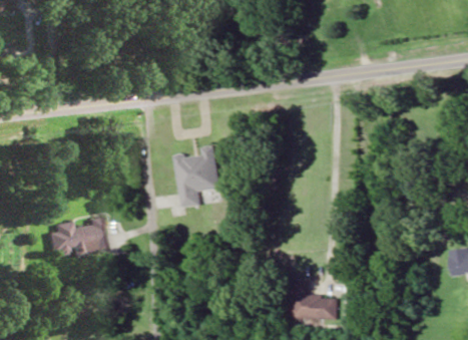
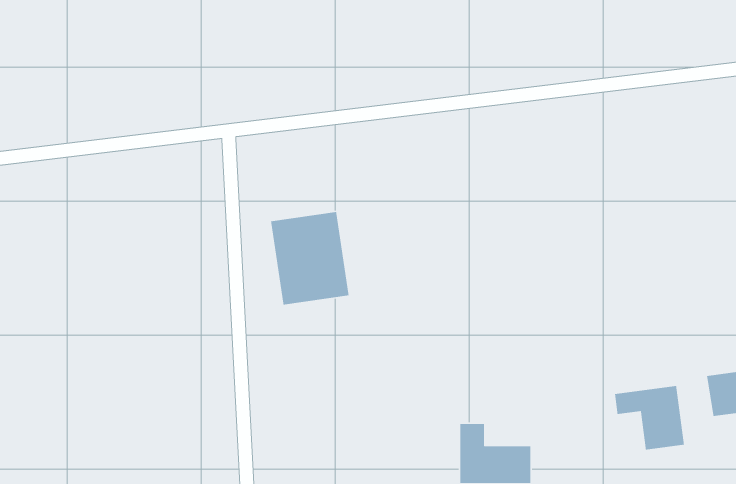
building: [50,218,104,258] -> none
building: none -> [614,385,685,450]

